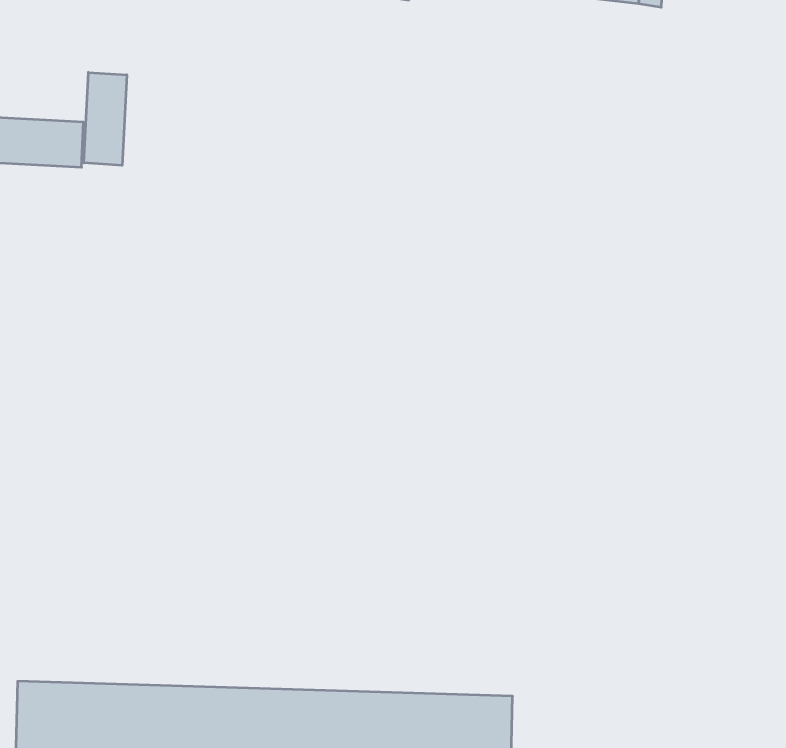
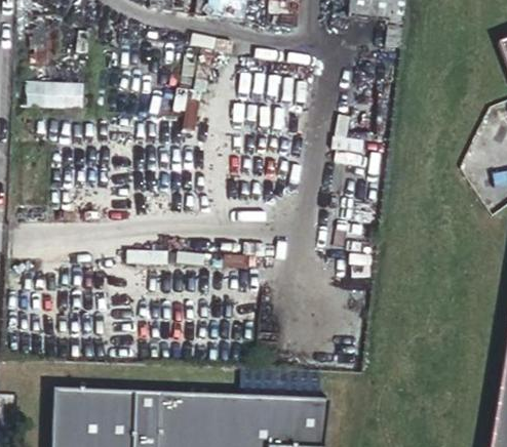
building: [84,72,127,165] -> none

